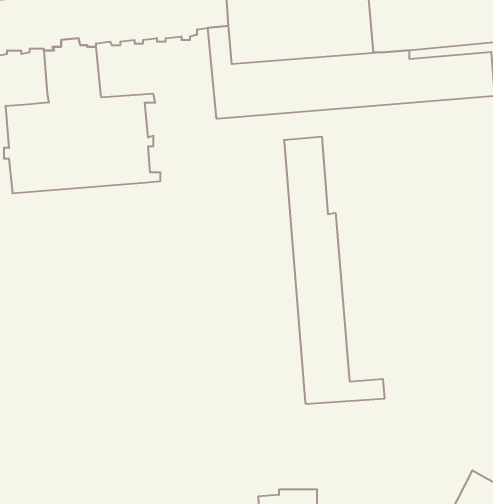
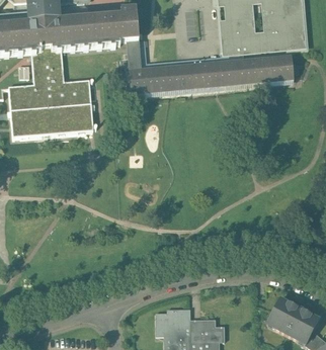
building: [284,137,384,404] -> none

